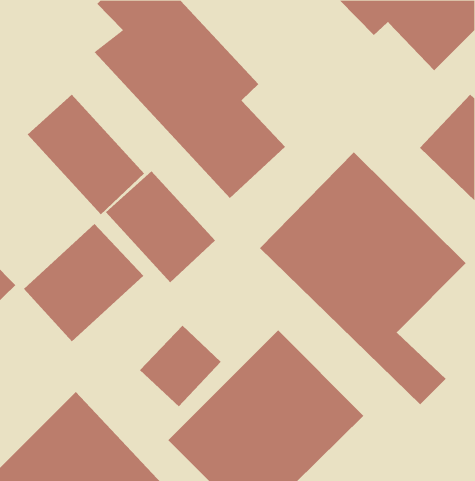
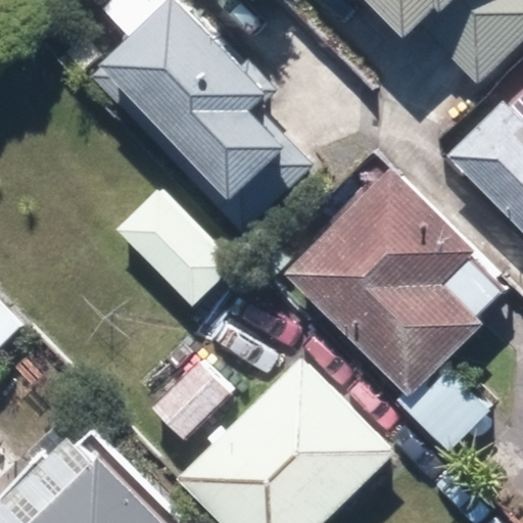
building: [27,94,145,215] -> none
building: [23,223,144,342] -> none

